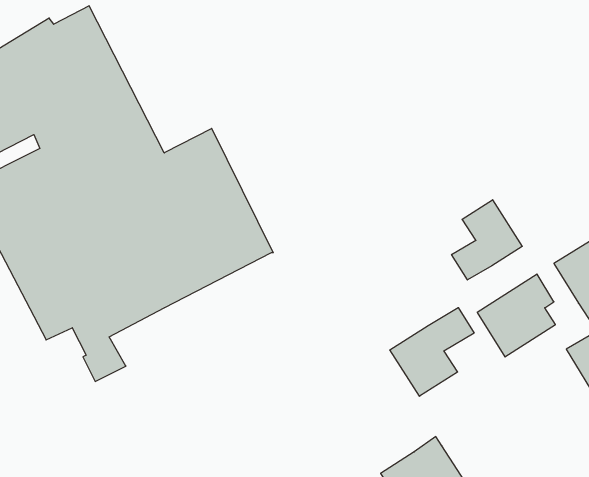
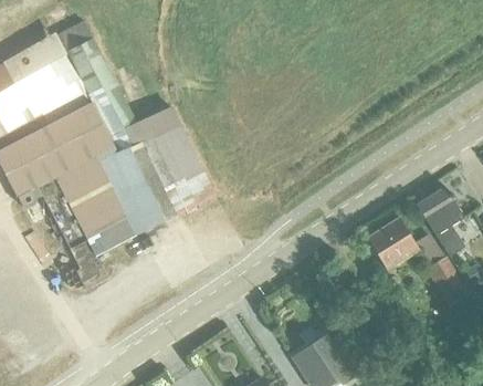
building: [452,200,522,280] -> none
building: [390,308,474,396] -> none

